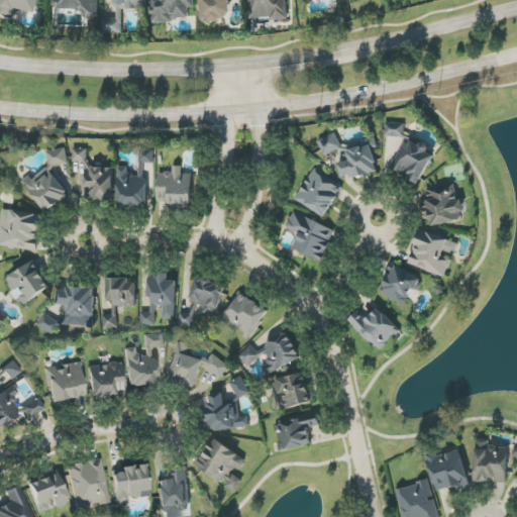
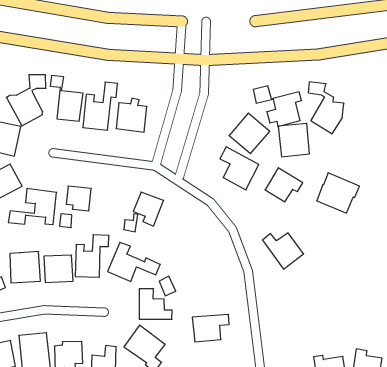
building: [421,182,462,225] -> [278,123,309,157]
building: [378,264,422,304] -> [265,168,303,202]
building: [139,273,175,326] -> none
building: [219,291,267,337] -> none
building: [238,333,299,374] -> none
building: [272,371,311,409] -> none

